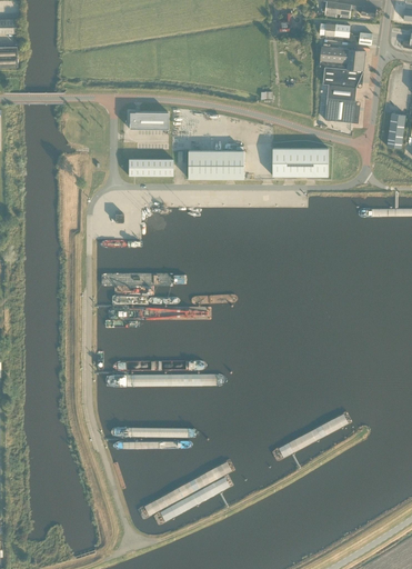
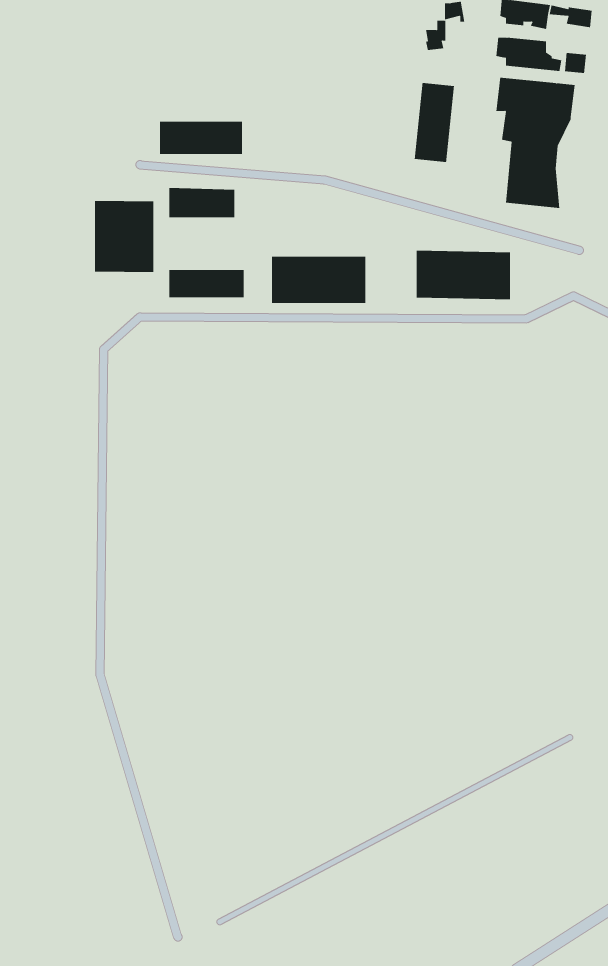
building: none -> [414,82,454,163]
building: none -> [159,121,243,155]
building: none -> [95,200,154,273]

